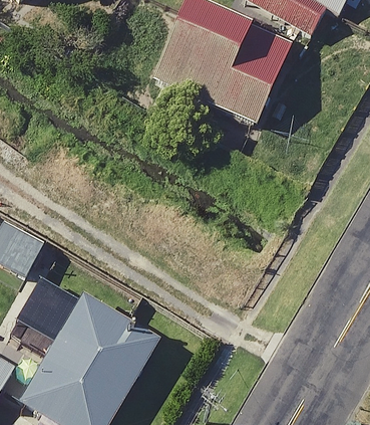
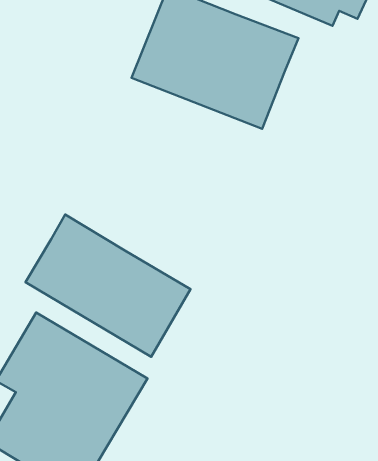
building: none -> [26,214,191,357]

